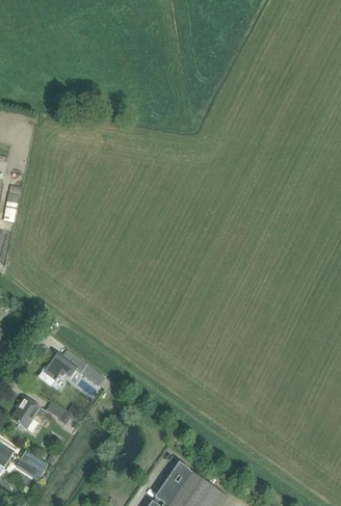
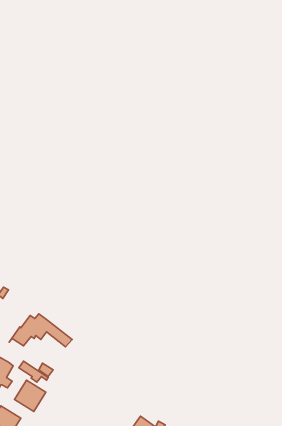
building: none -> [15,380,46,411]

